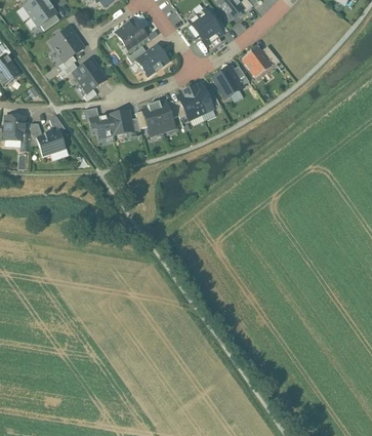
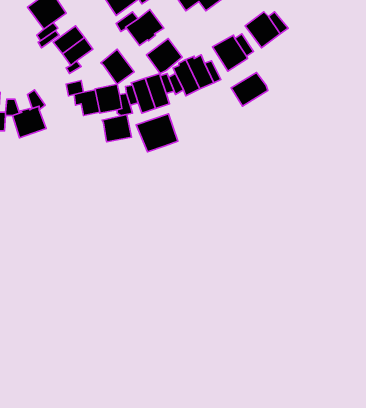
building: none -> [146,38,182,74]
building: none -> [101,49,134,84]
building: none -> [231,72,268,106]
building: none -> [136,114,178,152]
building: none -> [102,114,131,142]

